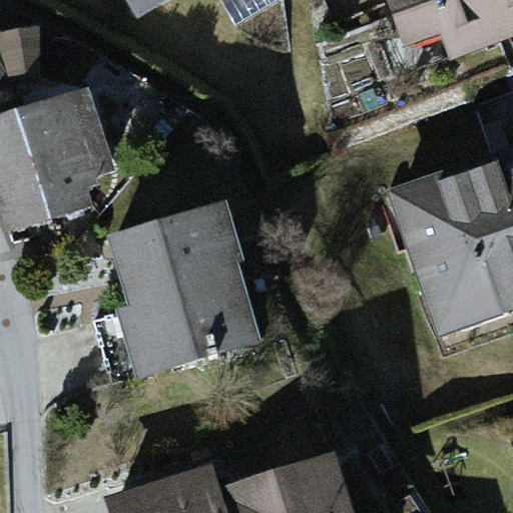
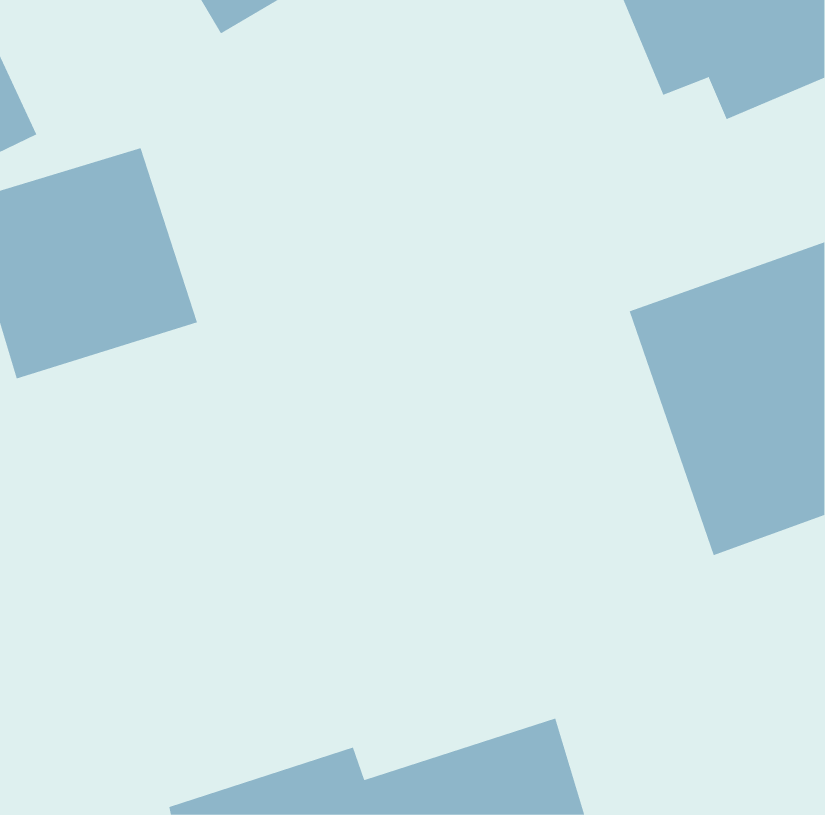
building: [105,201,262,375] -> none

